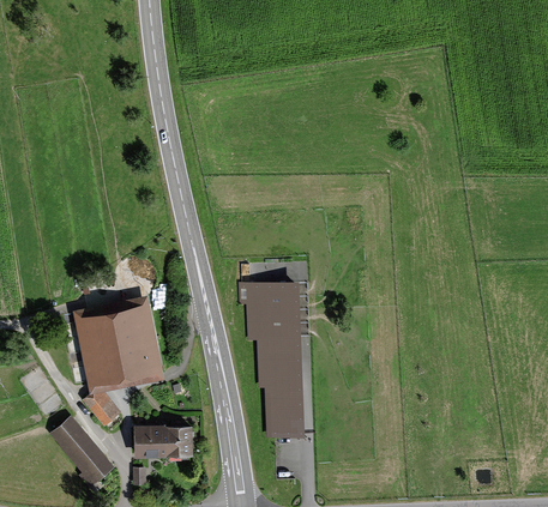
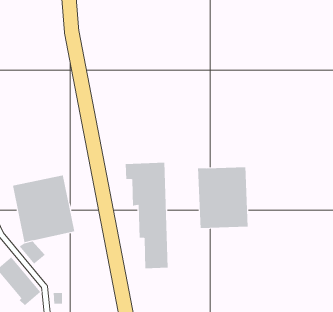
building: none -> [197,167,248,229]
building: [134,425,195,461] -> none

